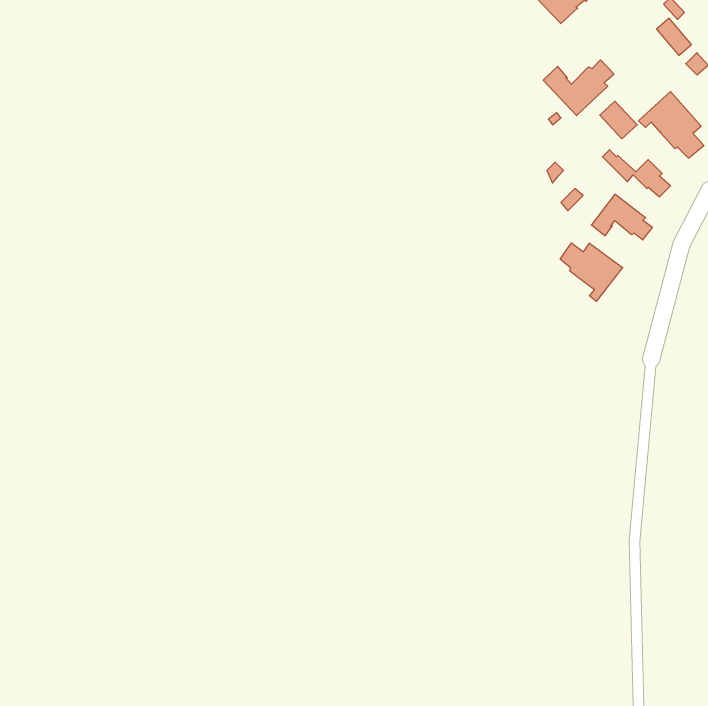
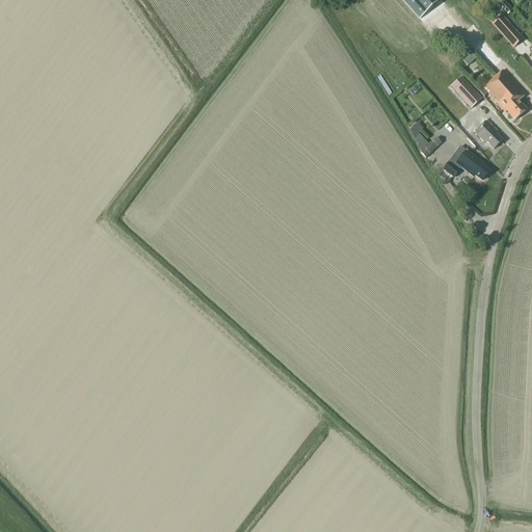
building: [543,60,614,116] -> none
building: [560,243,623,301] -> none

